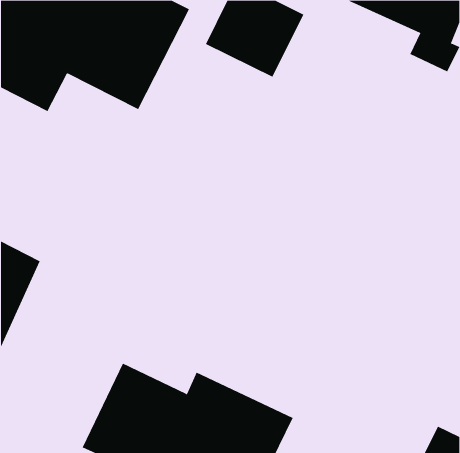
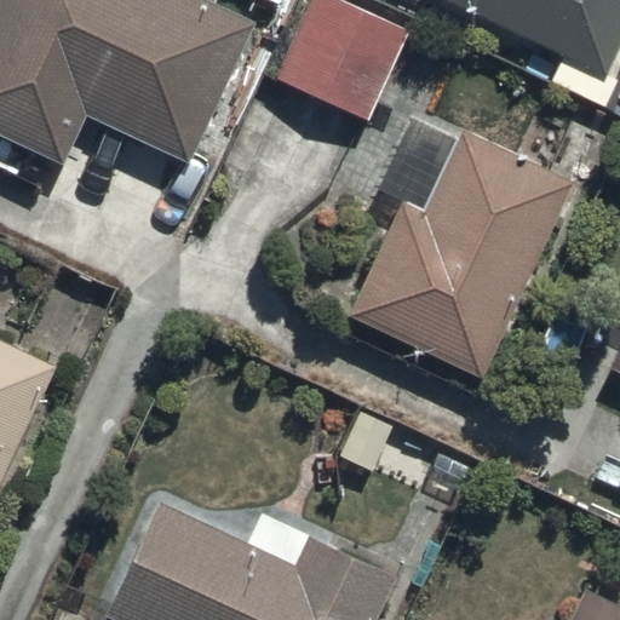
building: none -> [350,130,572,375]

